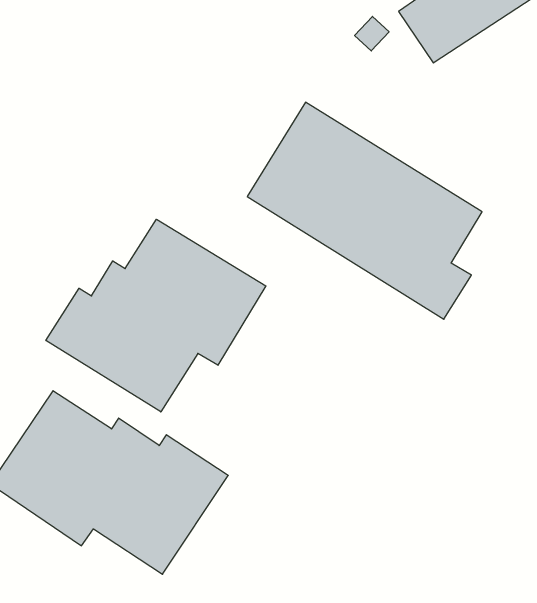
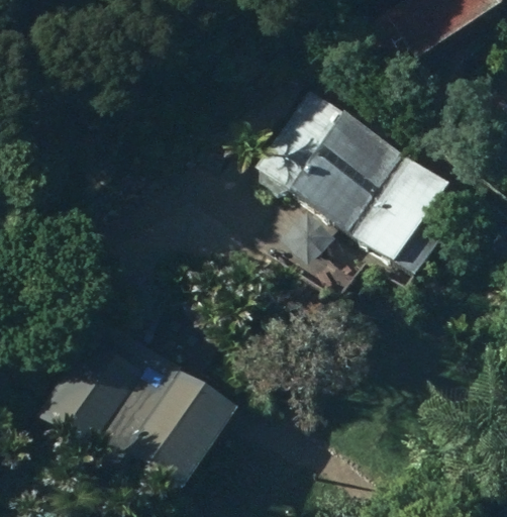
building: [46,219,266,412] -> none

